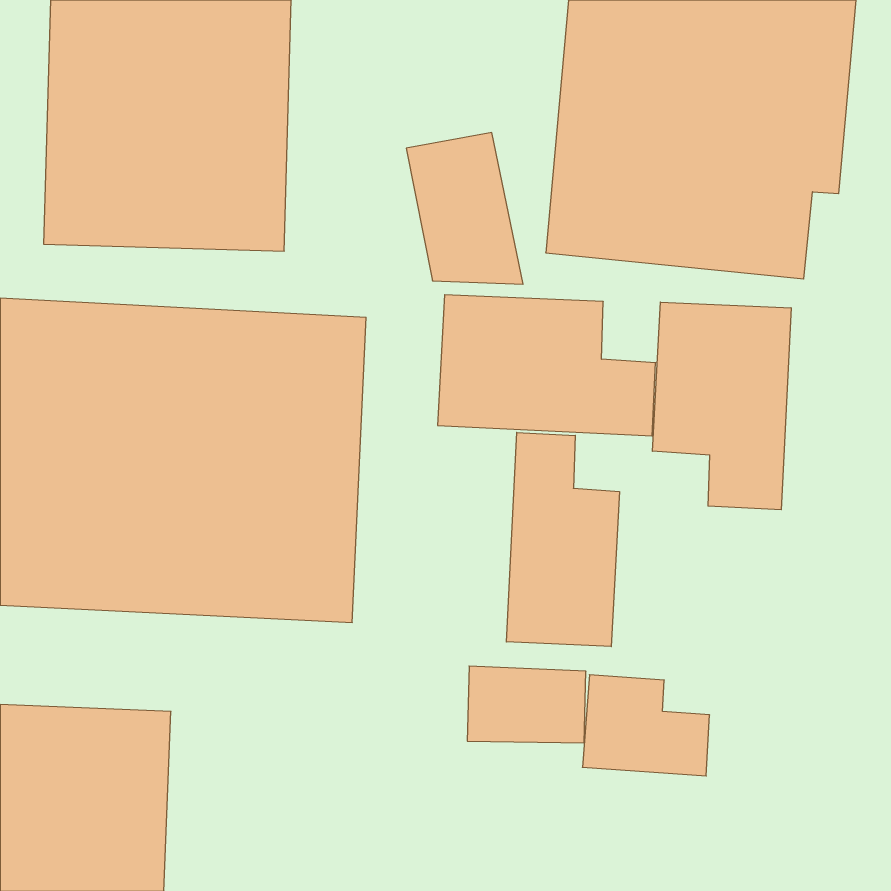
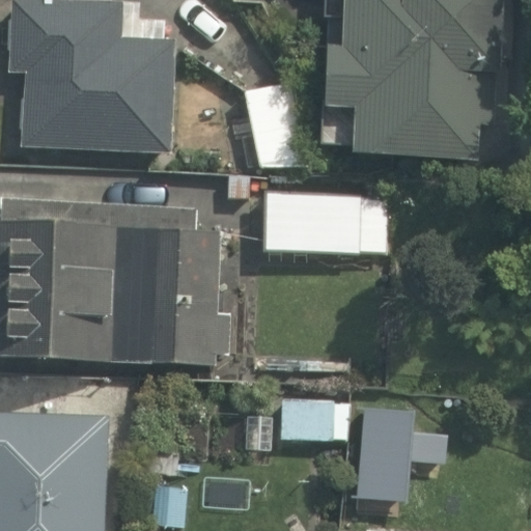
building: [652,302,791,510] -> none
building: [506,432,619,647] -> none

